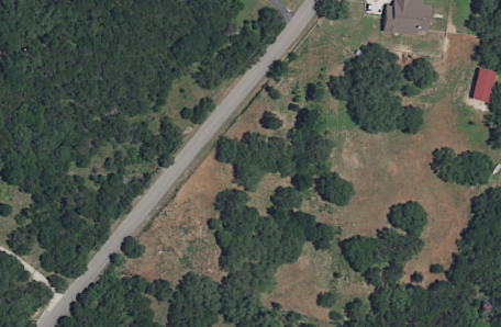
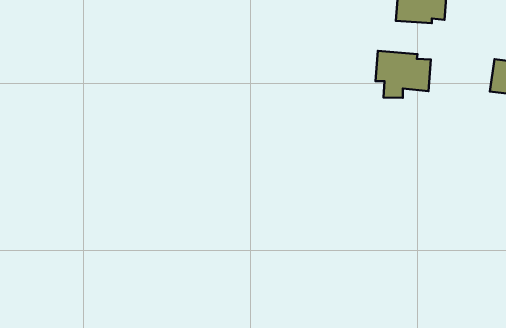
building: none -> [376,51,431,98]

